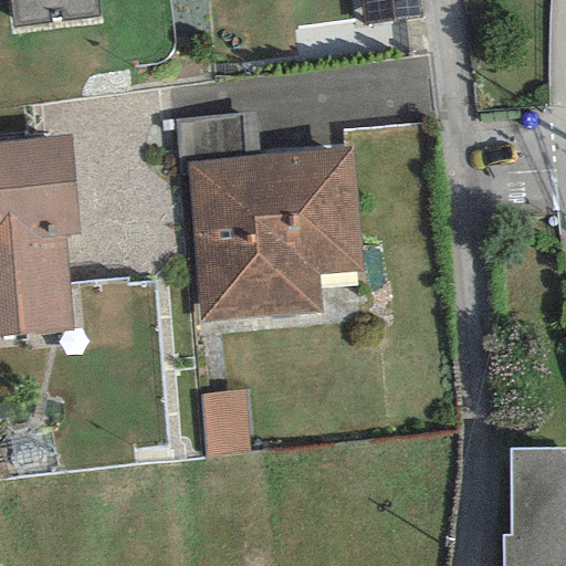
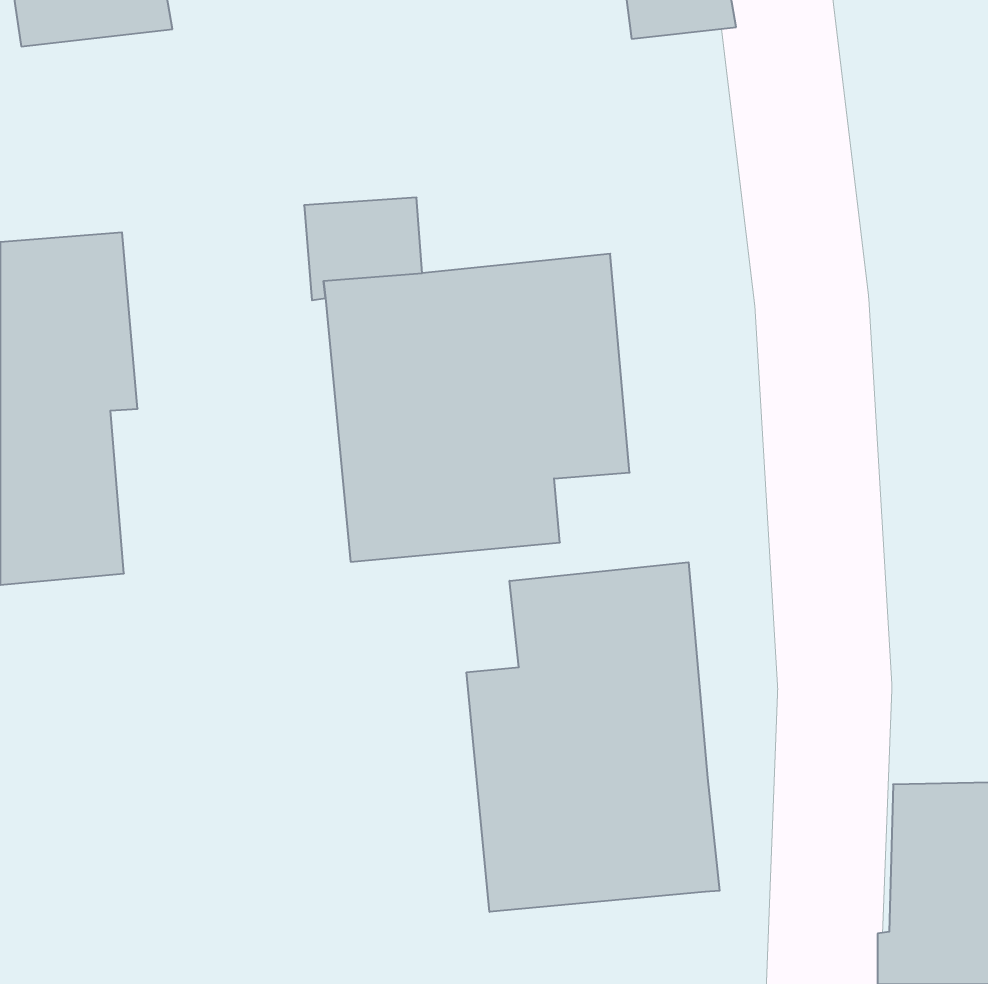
building: none -> [467,562,720,912]

